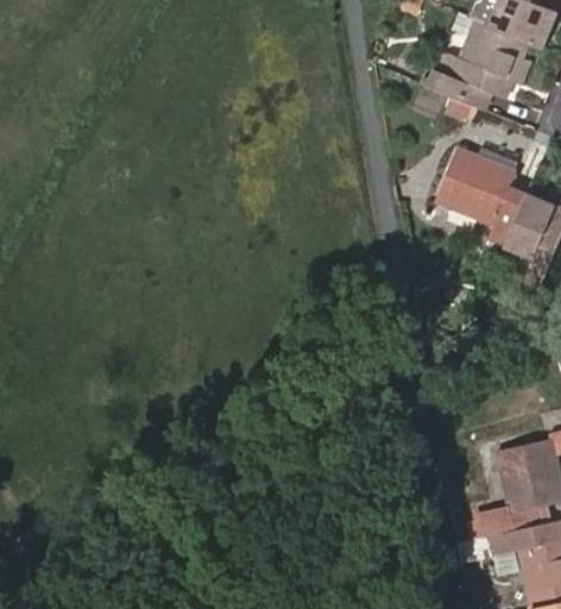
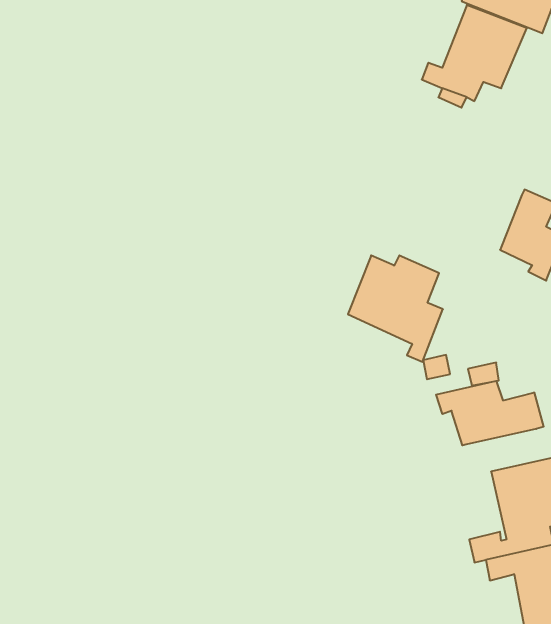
building: [436,145,524,244] -> [348,255,443,362]
building: none -> [436,381,544,445]

